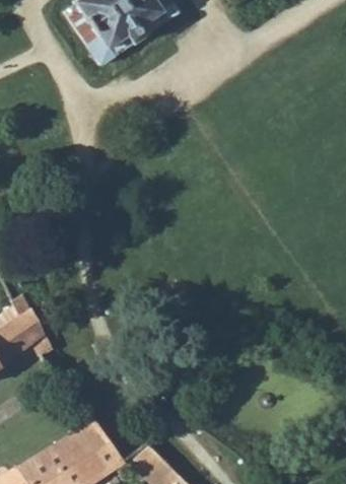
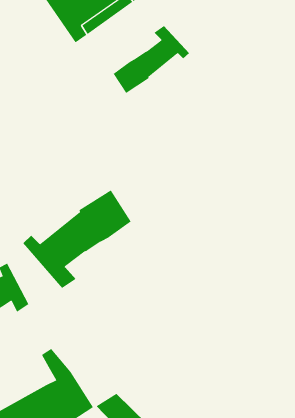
building: none -> [113,25,190,94]
building: none -> [22,189,132,289]

